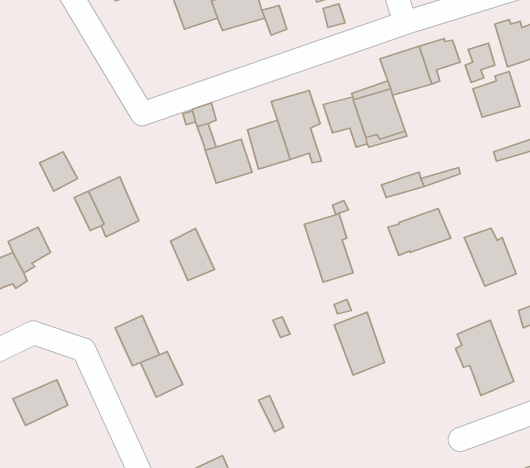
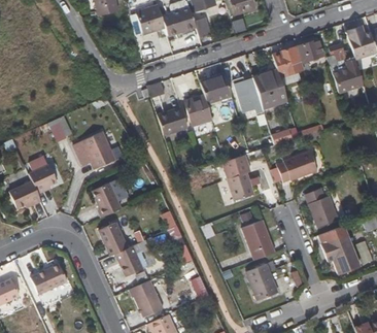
building: [464,228,516,286] -> [304,189,338,227]
building: [170,229,215,281] -> [91,181,119,215]
building: none -> [246,264,277,300]
building: none -> [129,279,163,317]

